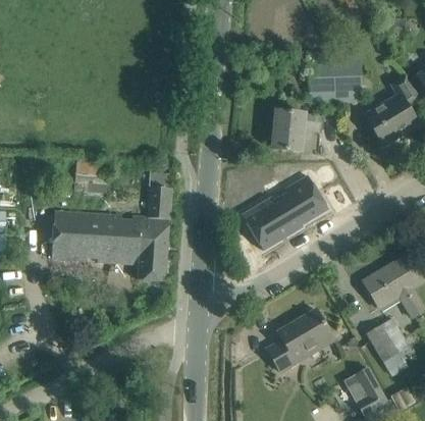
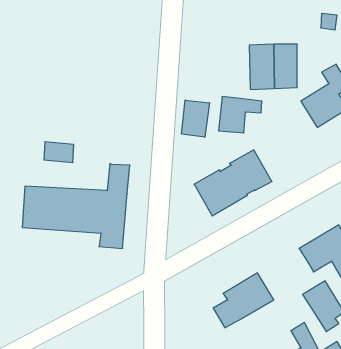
building: none -> [182,100,209,137]

